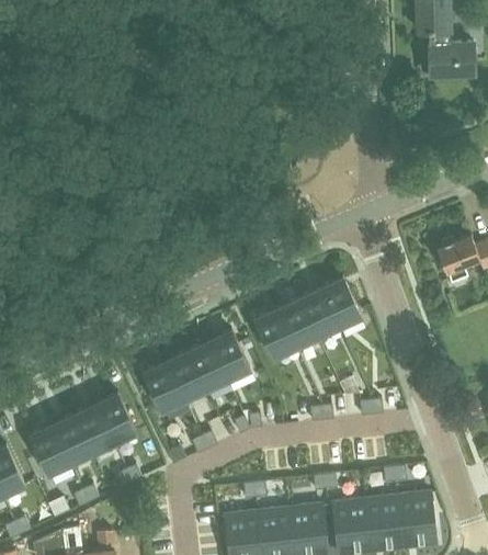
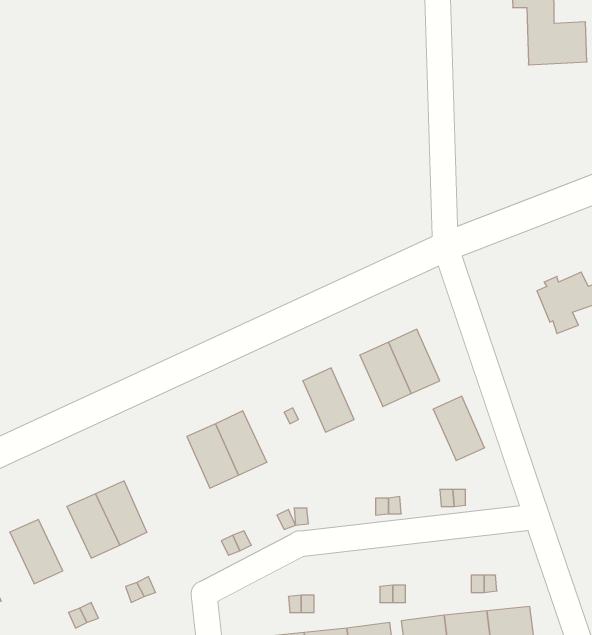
building: [277,299,317,349] -> [433,396,485,461]
building: [209,332,250,382] -> none
building: [145,362,184,411] -> none
building: [53,416,93,465] -> none

